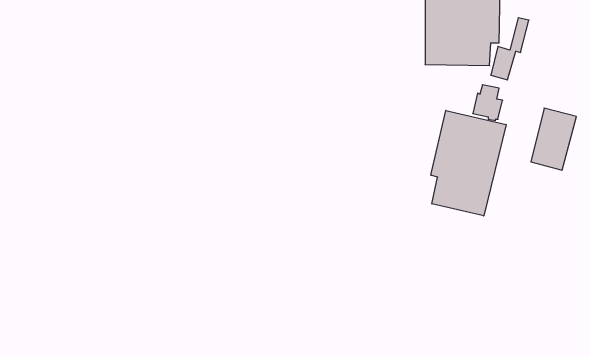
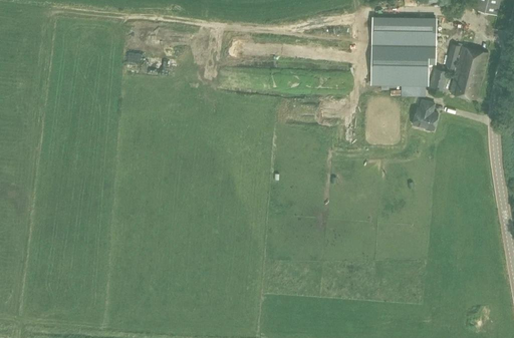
building: [531,108,576,170] -> [449,46,487,98]
building: [431,110,506,216] -> none

